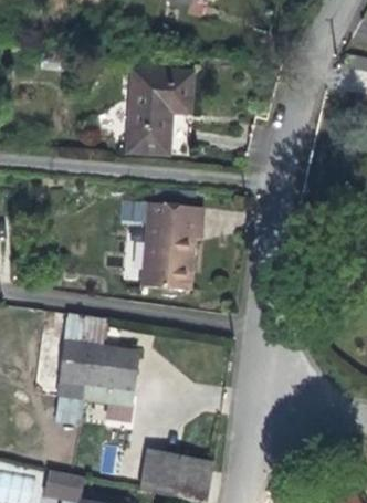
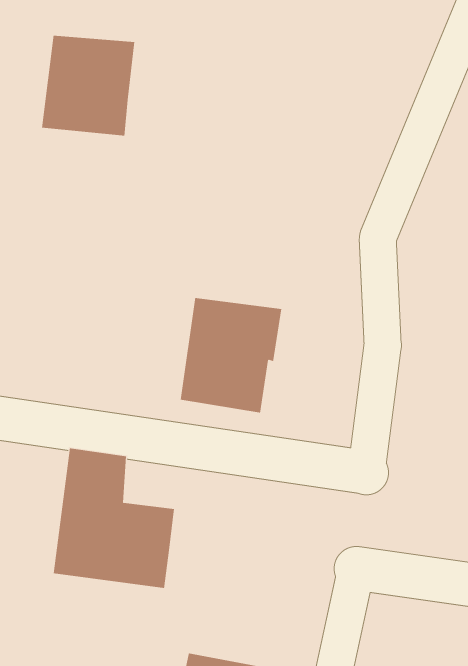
building: [132,75,195,143] -> [41,35,135,136]

